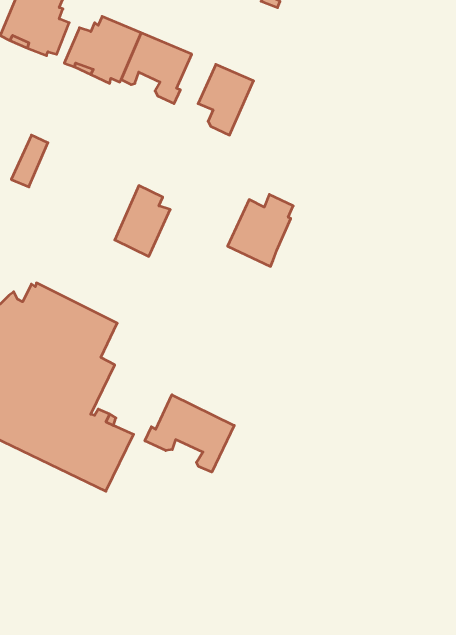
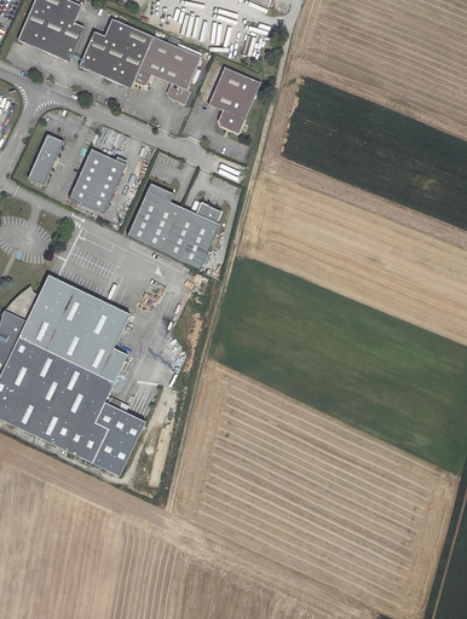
building: none -> [69,149,126,213]
building: [228,194,293,266] -> [160,201,223,270]
building: [145,395,234,472] -> none

